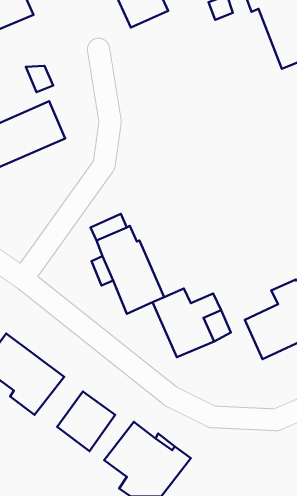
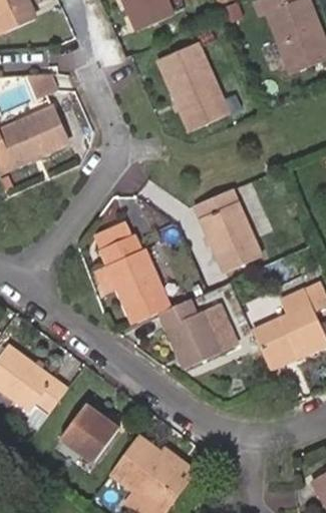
building: none -> [156,42,230,131]
building: none -> [194,187,262,273]

